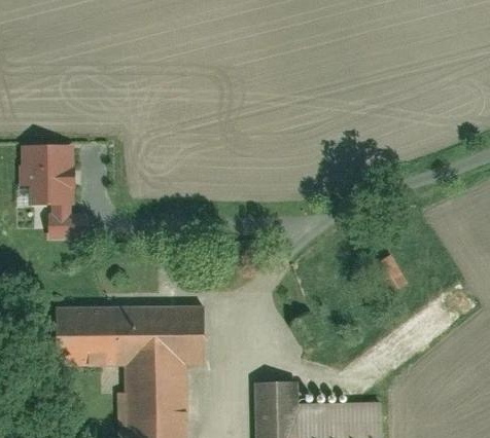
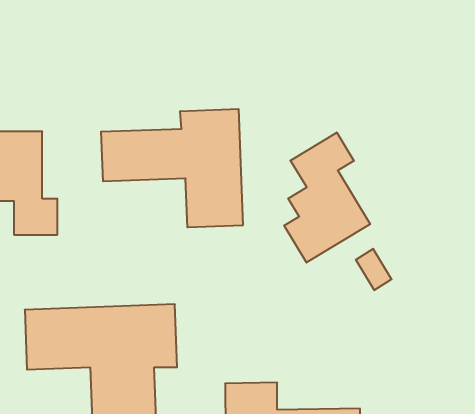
building: none -> [101,109,243,227]
building: none -> [284,132,370,263]

